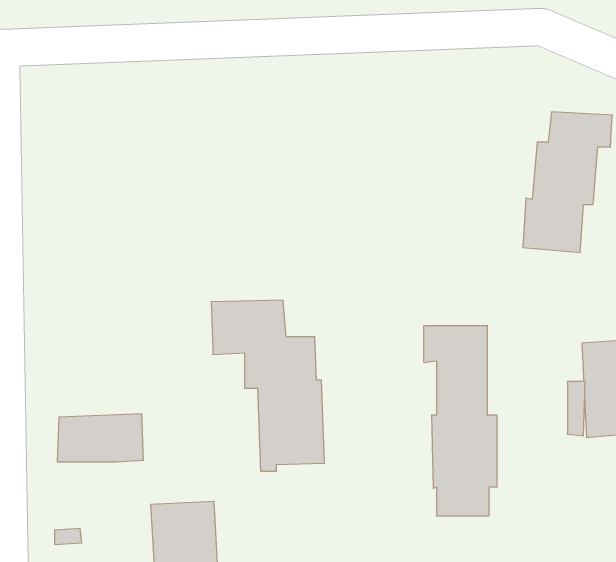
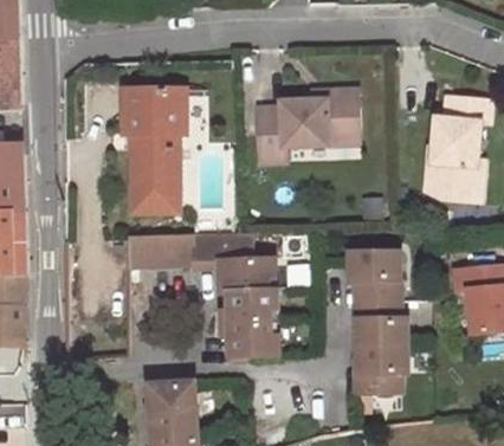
building: none -> [254,88,355,159]
building: none -> [123,90,186,213]
building: [57,414,144,462] -> [130,234,194,270]

